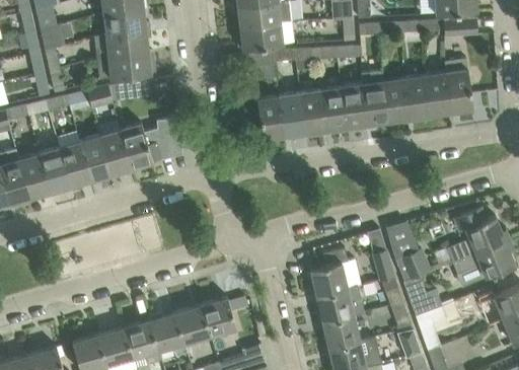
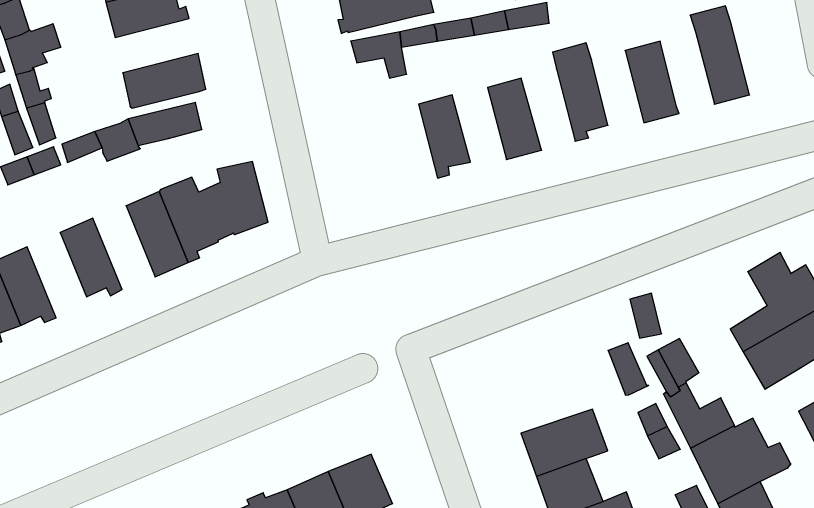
building: [94,29,153,57] -> none
building: [425,72,452,117] -> none
building: [383,78,410,123] -> none
building: [341,84,368,131] -> none
building: [299,90,326,135] -> none
building: [256,95,285,141] -> none
building: [80,135,113,183] -> none
building: [40,146,71,196] -> none
building: [310,247,361,295] -> none

